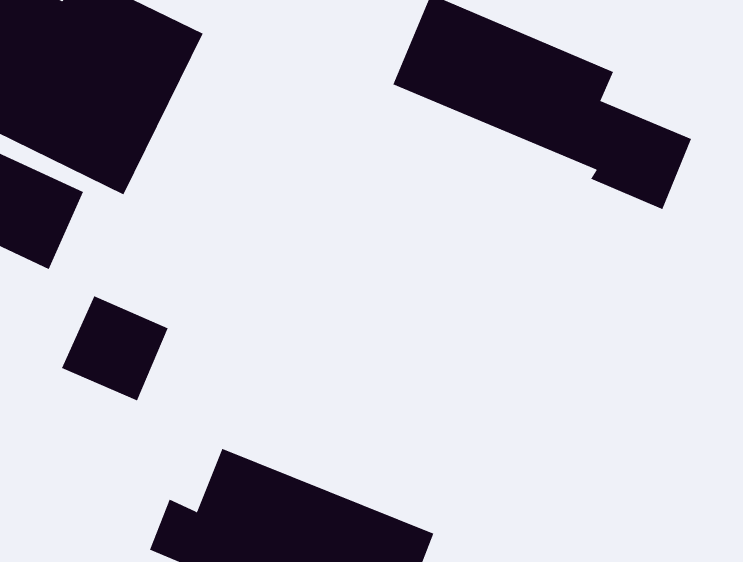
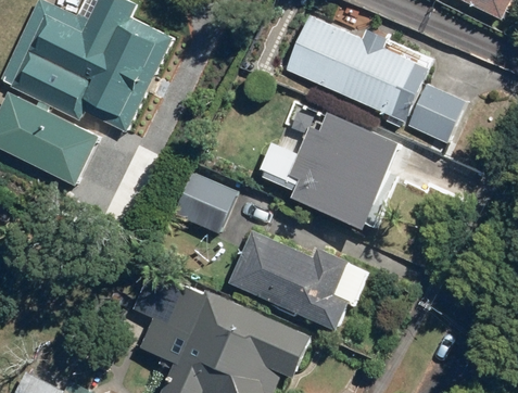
building: none -> [292,111,402,221]
building: [61,296,168,401] -> [170,172,235,234]
building: none -> [226,230,349,331]

